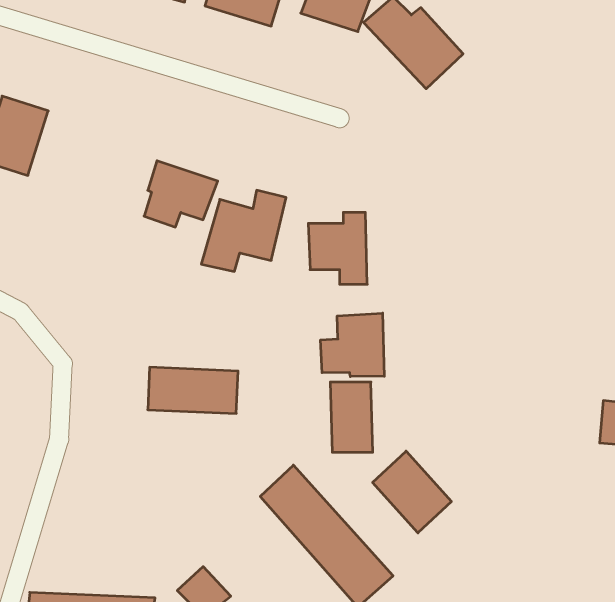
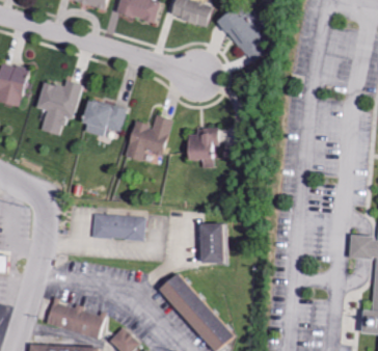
building: none -> [39,80,84,135]
building: [321,313,384,377] -> none
building: [373,451,451,533] -> none
building: none -> [43,301,100,338]

